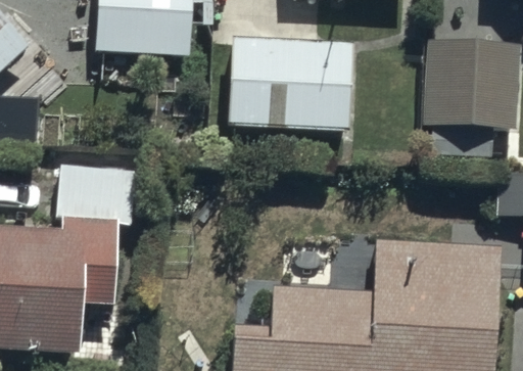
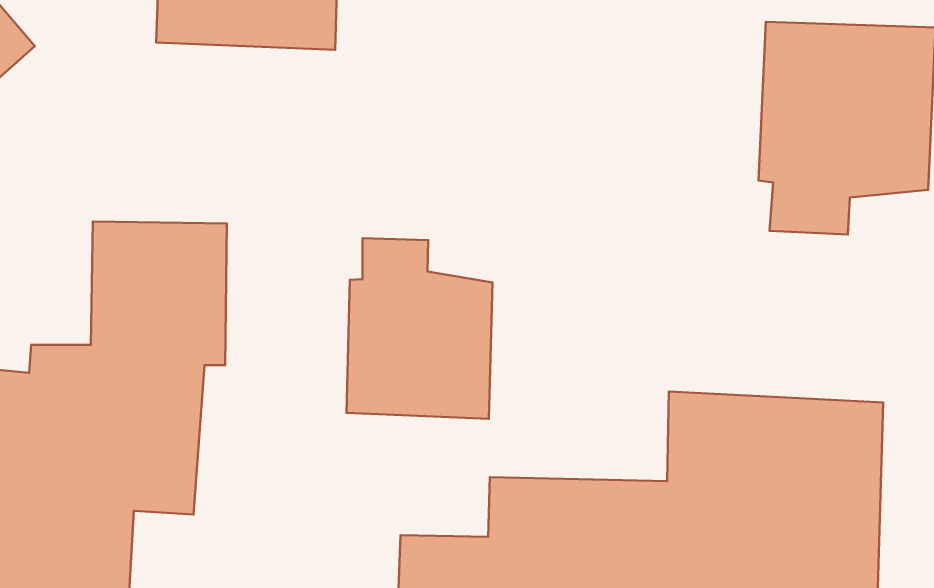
building: [226,36,348,132] -> none
building: none -> [346,238,492,419]

